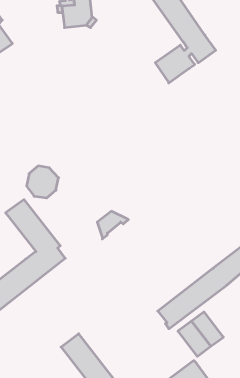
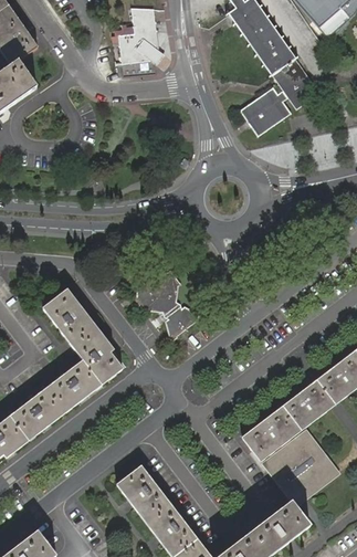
building: [27,166,59,198] -> [137,269,179,311]

